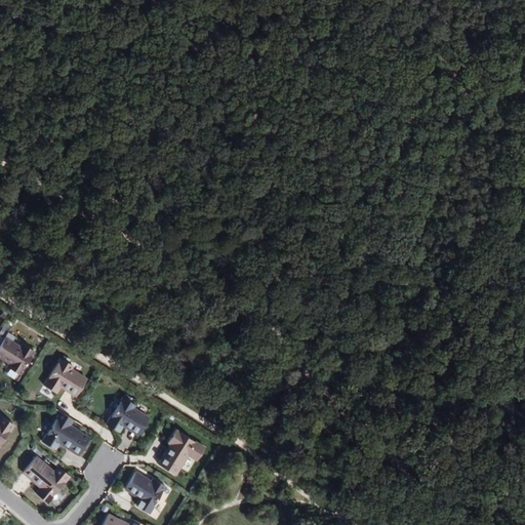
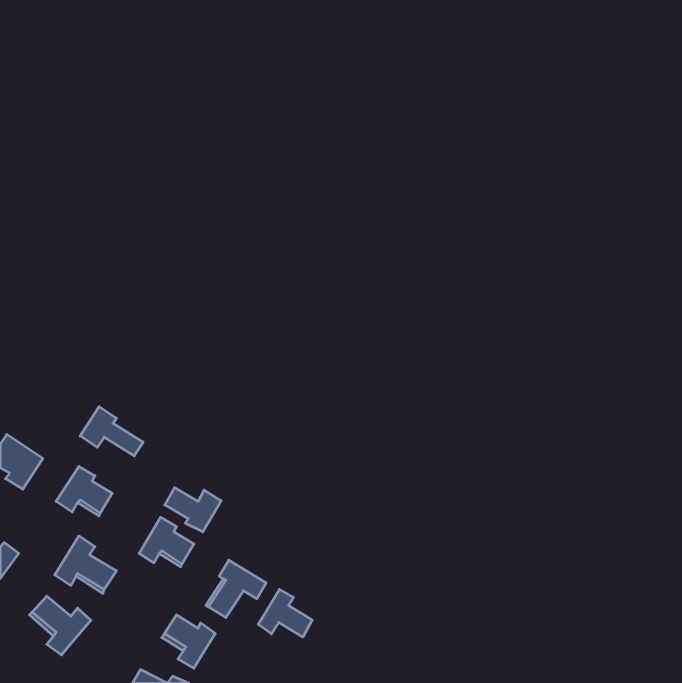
building: none -> [80,407,143,456]
building: none -> [165,488,221,532]
building: none -> [258,589,312,637]

